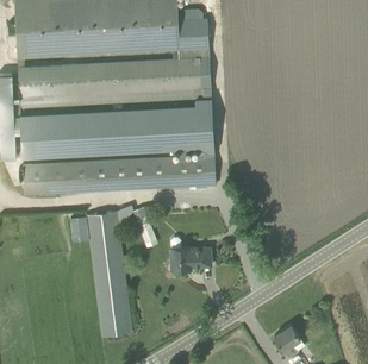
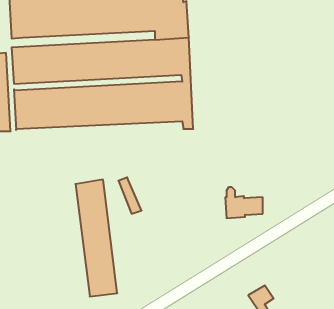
building: [21,157,216,195] -> none
building: [169,238,210,271] -> [225,187,263,218]

